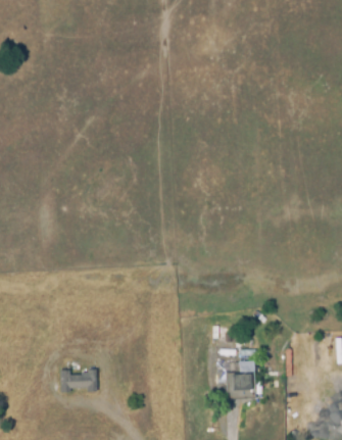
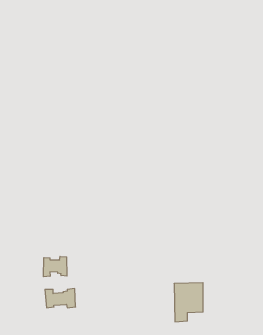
building: none -> [44,256,67,277]

